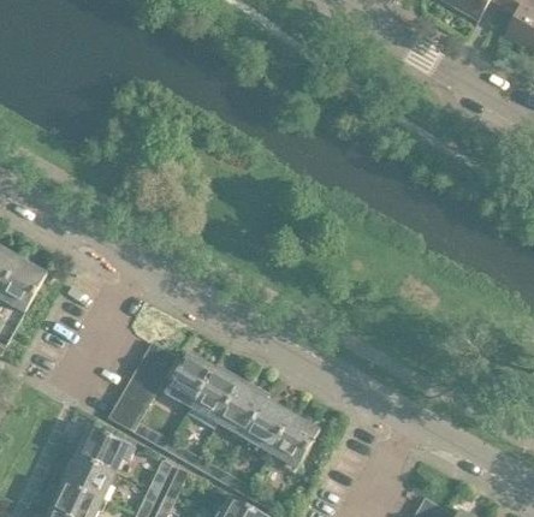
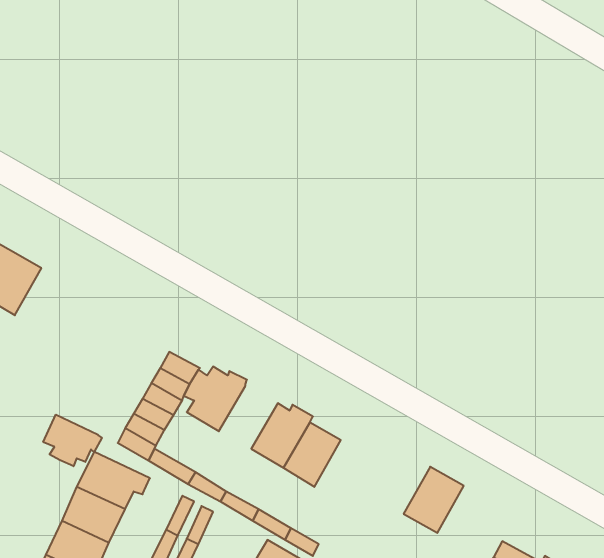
building: [189,370,243,429] -> none
building: none -> [43,415,102,466]
building: [271,415,320,469] -> [404,467,464,533]

